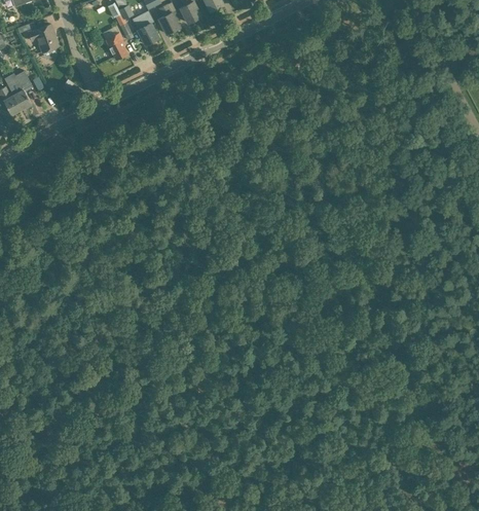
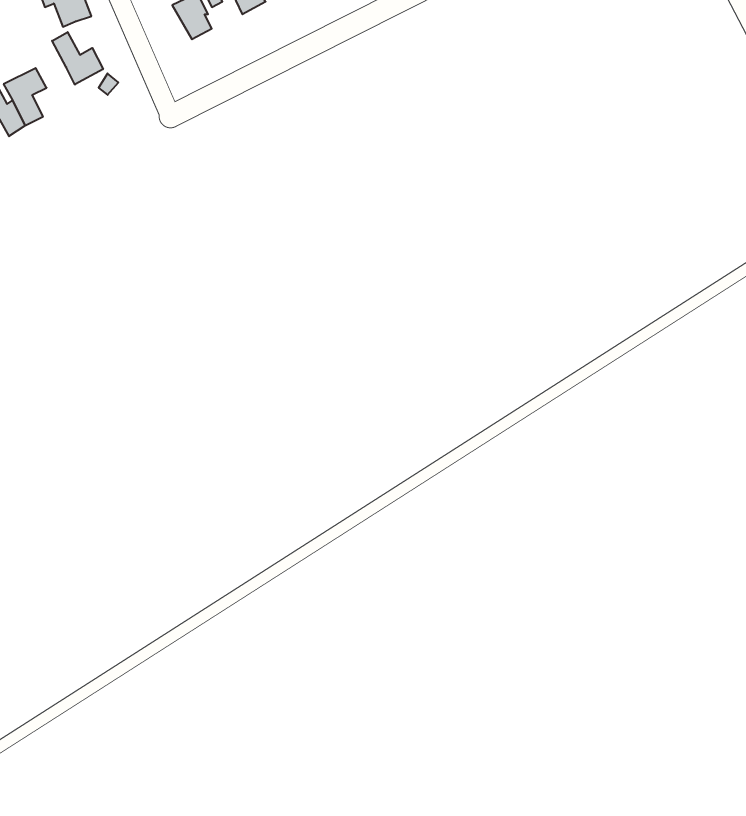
building: none -> [52,32,103,85]

